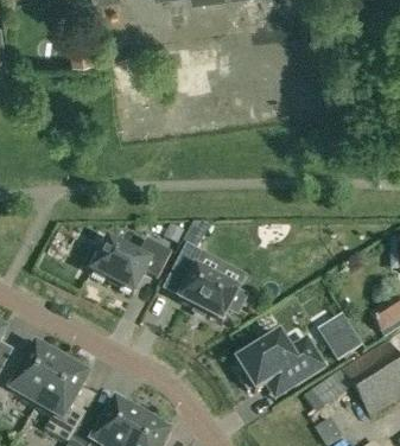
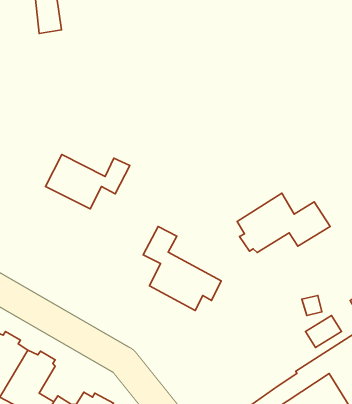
building: [91,240,172,292] -> [46,154,130,209]
building: [236,333,325,390] -> [237,193,330,253]

